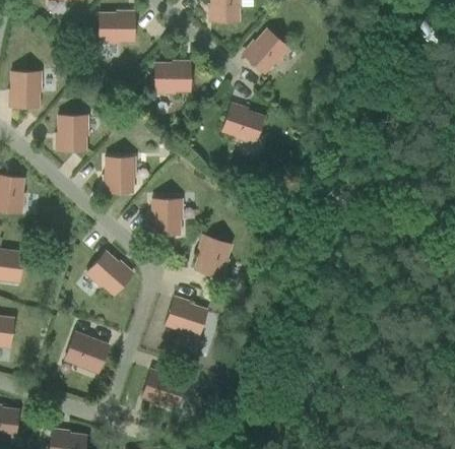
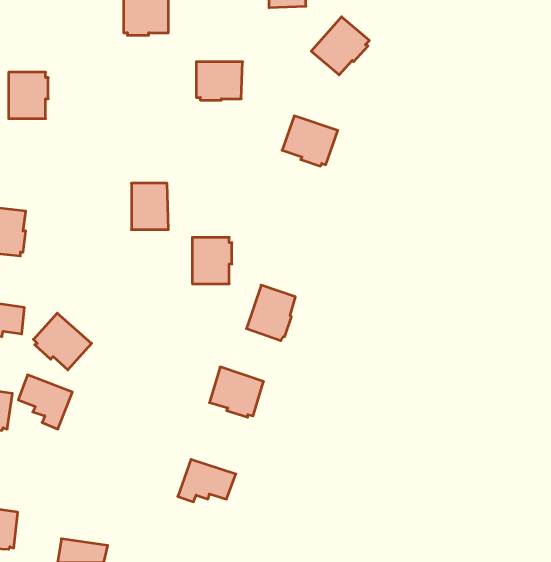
building: [59,115,88,150] -> none
building: [87,251,132,295] -> [33,313,92,370]
building: [68,331,110,373] -> [18,375,72,429]

